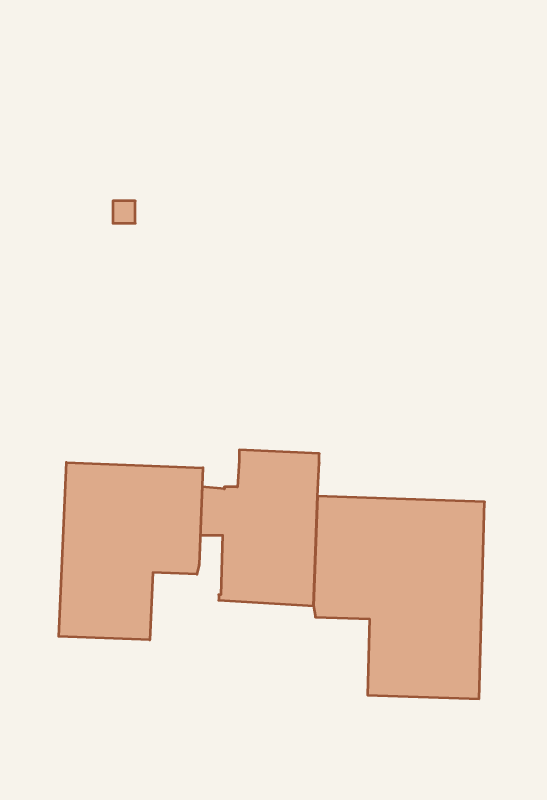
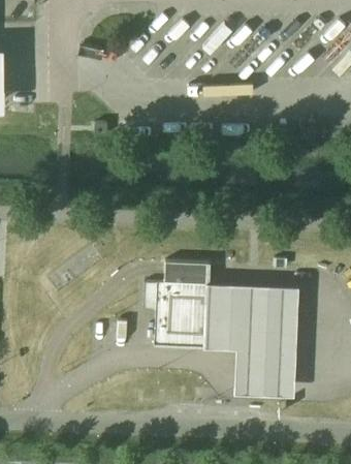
building: [59,462,203,640] -> none

